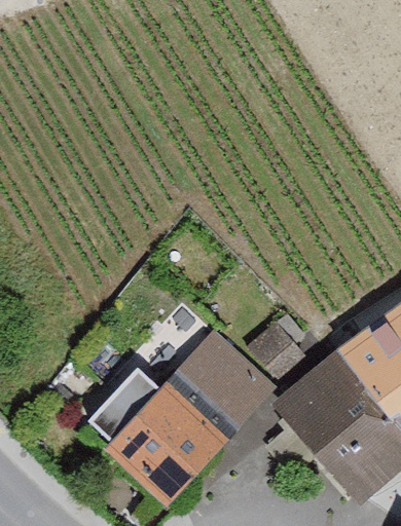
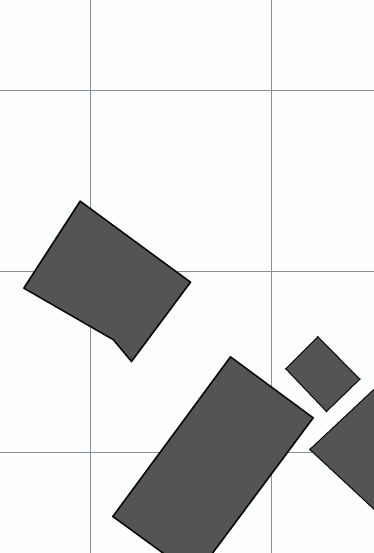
building: none -> [24,201,190,362]

